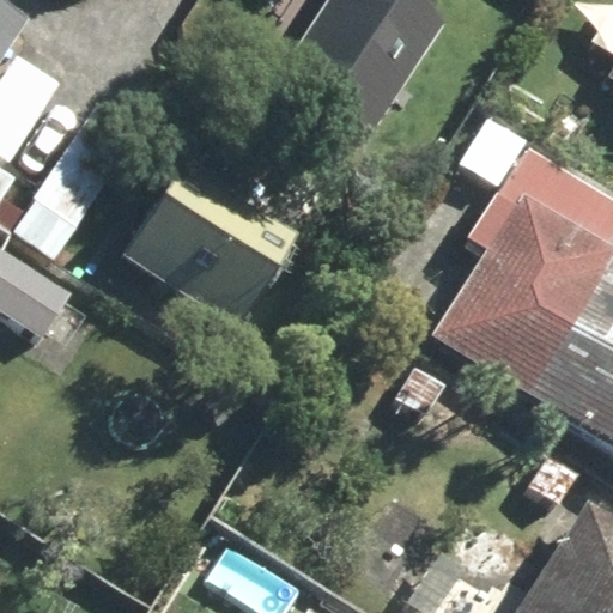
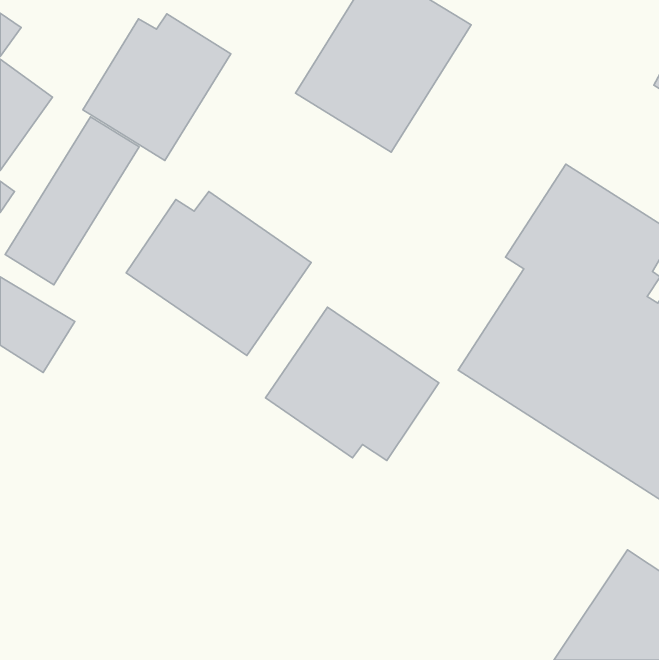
building: none -> [83,14,231,160]
building: none -> [266,307,439,460]

